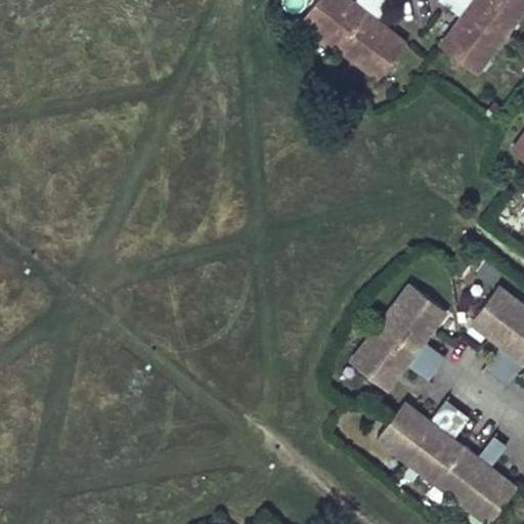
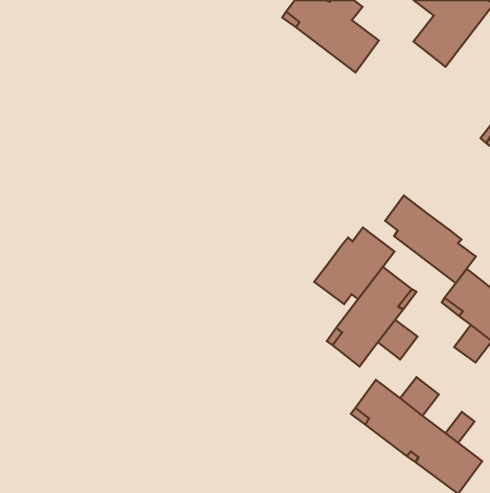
building: none -> [385,196,476,283]
building: none -> [314,228,394,304]

